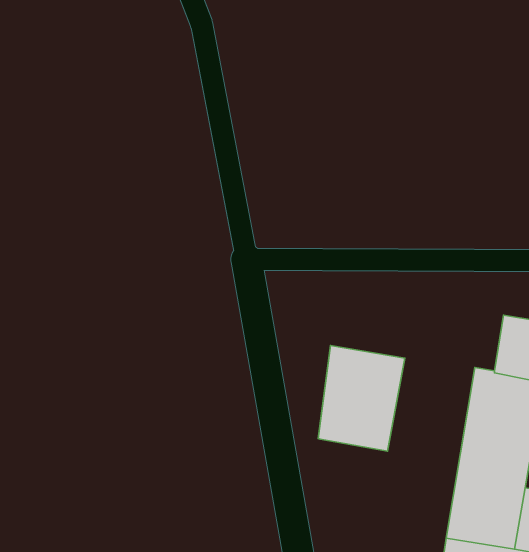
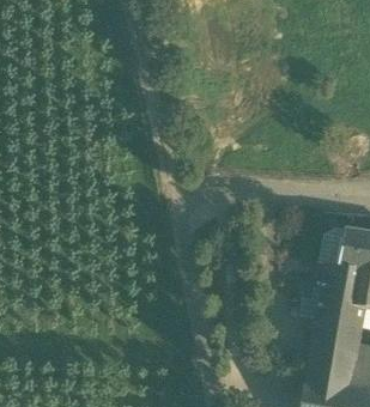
building: [318,346,405,451] -> none

